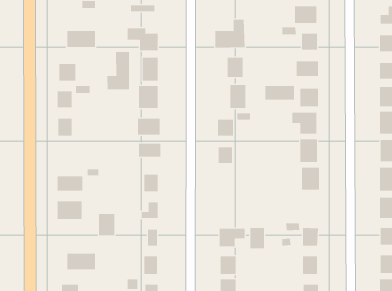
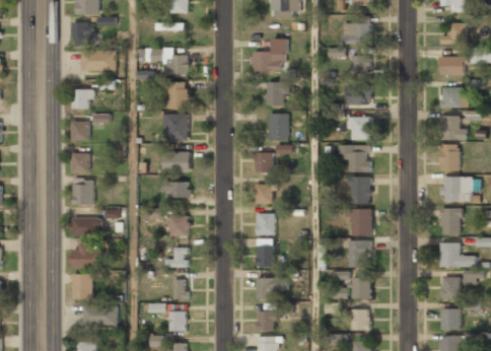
building: none -> [73,22,92,45]
building: [107,51,129,90] -> none
building: [265,85,295,101] -> none
building: none -> [73,179,93,204]
building: none -> [257,214,275,235]
building: none -> [349,239,368,267]
building: [98,214,115,236] -> [73,274,92,299]
building: [250,227,265,249] -> [257,242,274,267]

